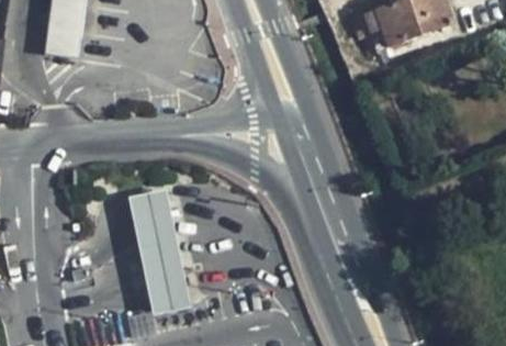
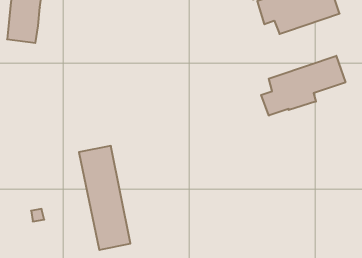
building: none -> [261,56,345,116]

